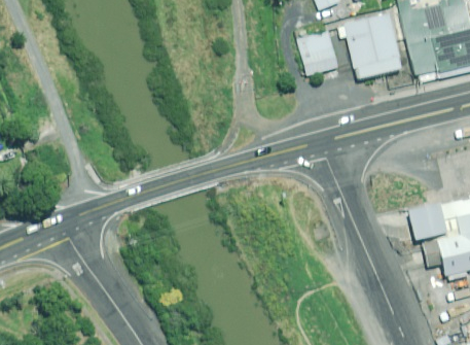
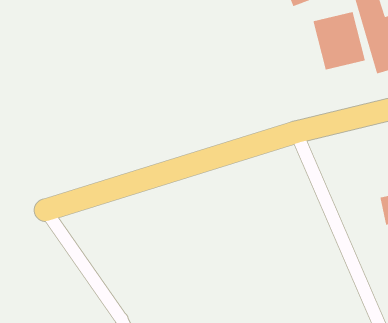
building: [294,29,335,74] -> none

